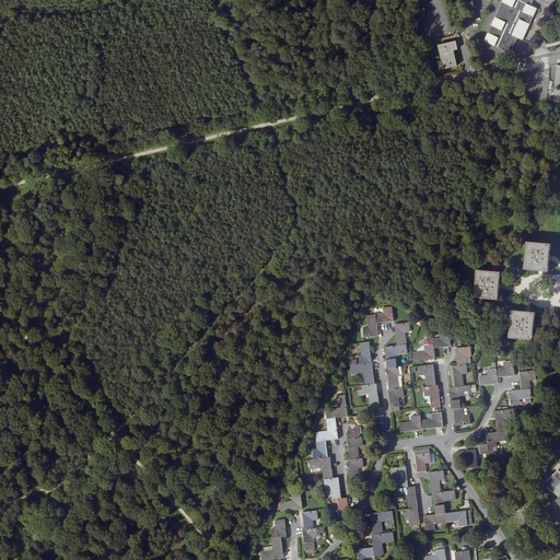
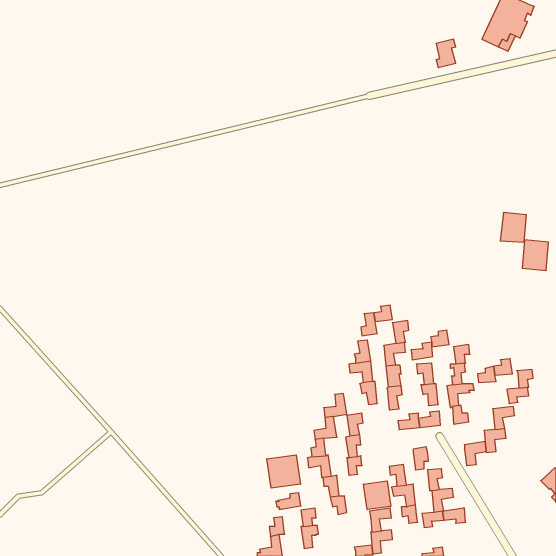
building: [474,269,500,299] -> [500,213,526,242]
building: [509,310,535,339] -> none
building: none -> [267,455,300,488]
building: none -> [364,481,391,510]

